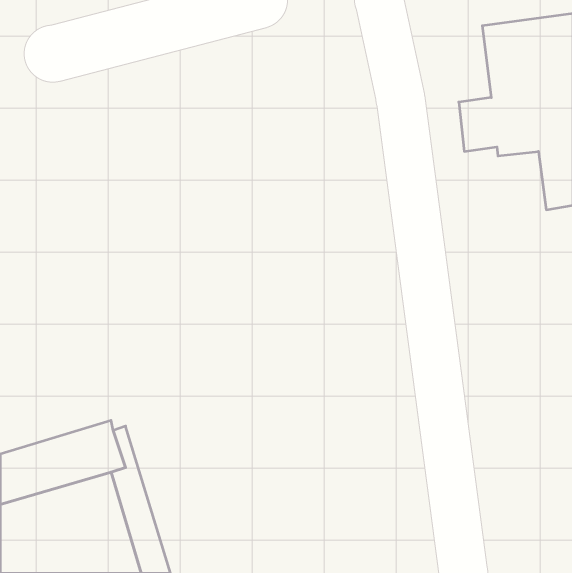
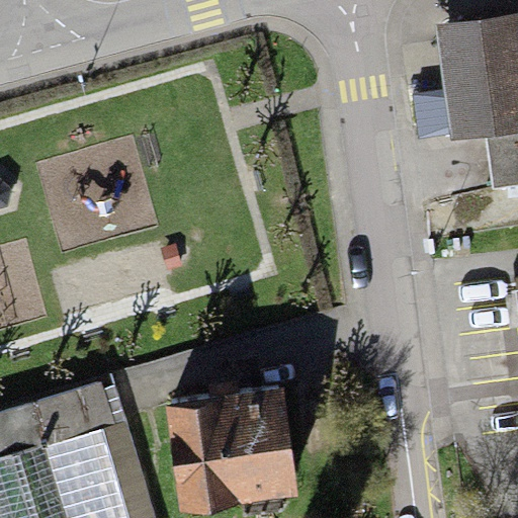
building: none -> [167,391,297,512]

